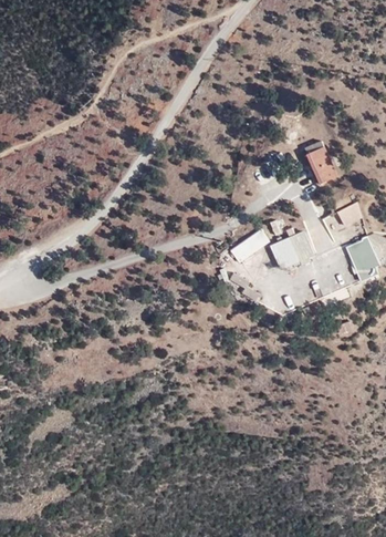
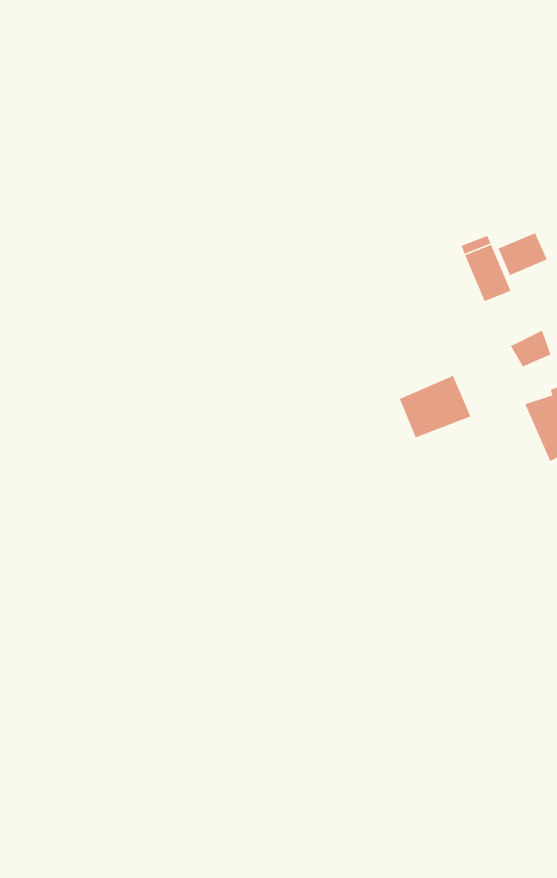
building: none -> [497,232,548,276]
building: [229,228,270,264] -> none

